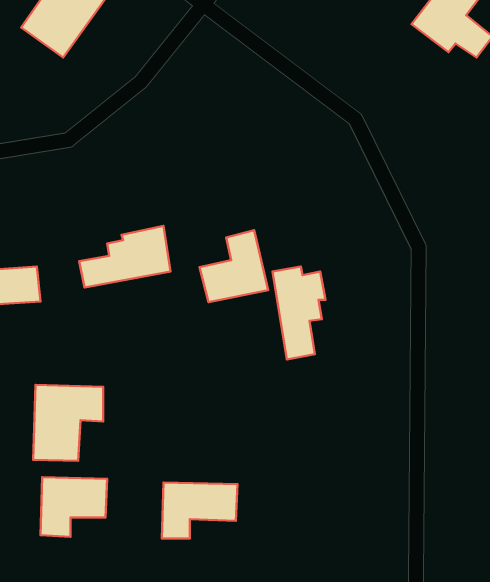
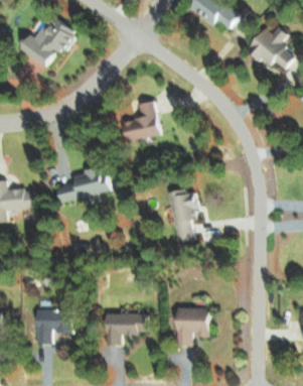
building: [200,230,268,302] -> [122,100,161,141]
building: [33,385,103,461] -> none
building: none -> [176,307,210,345]

